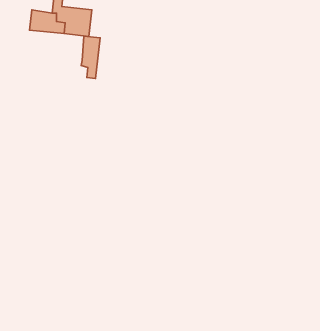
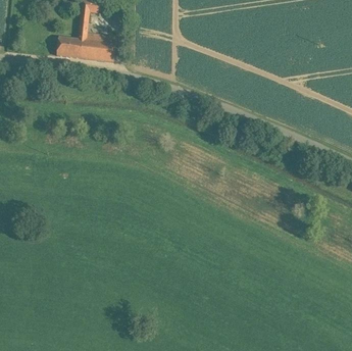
building: [81,36,100,79] -> none

